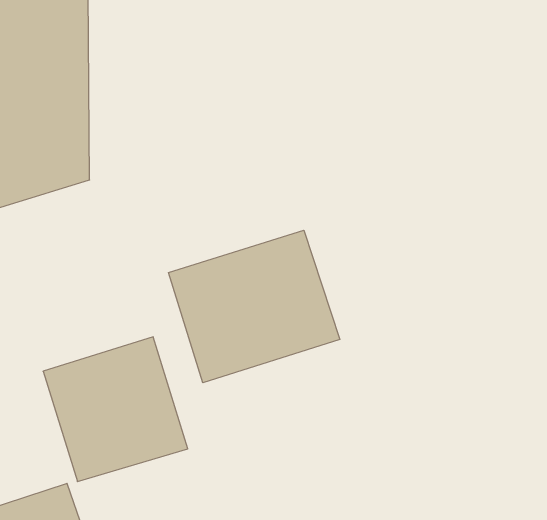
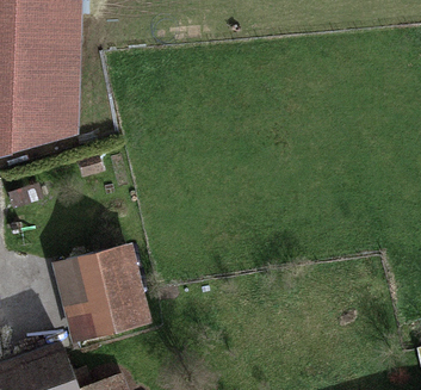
building: [168,230,340,383] -> none

